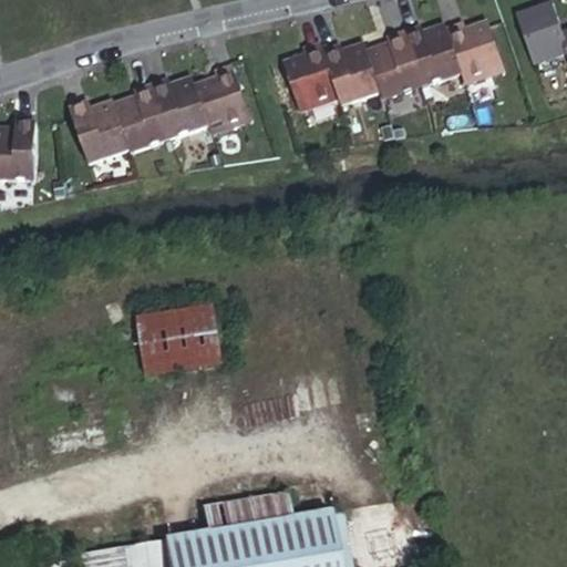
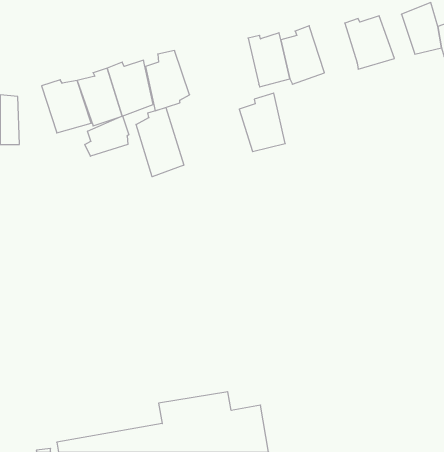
building: [398,24,457,91] -> none
building: [277,42,334,115] -> [239,93,285,152]
building: none -> [136,108,184,177]
building: none -> [85,116,129,156]
building: [146,305,229,374] -> none

